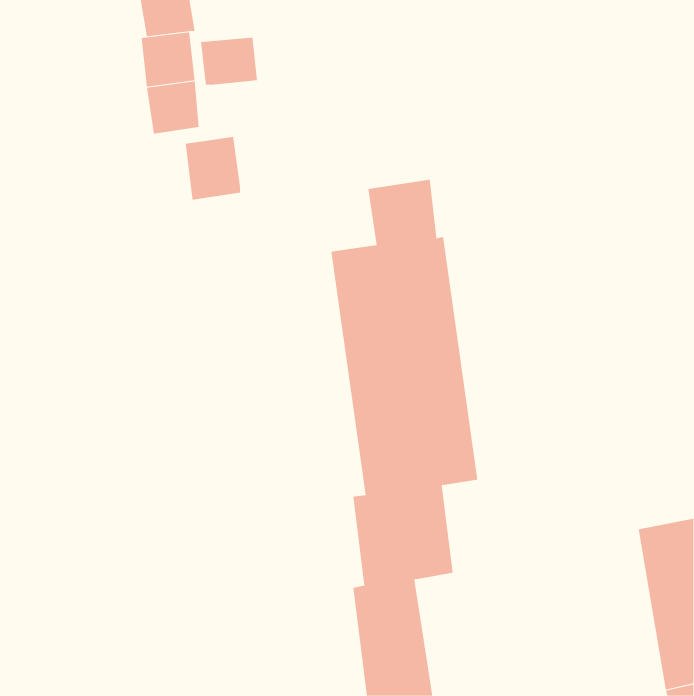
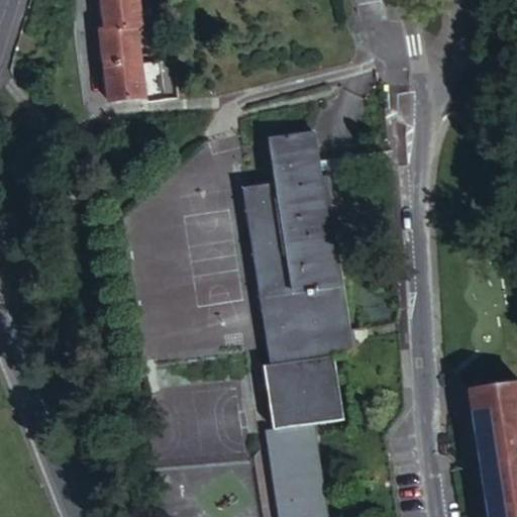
building: [200,37,258,85] -> none
building: [185,136,241,200] -> none

